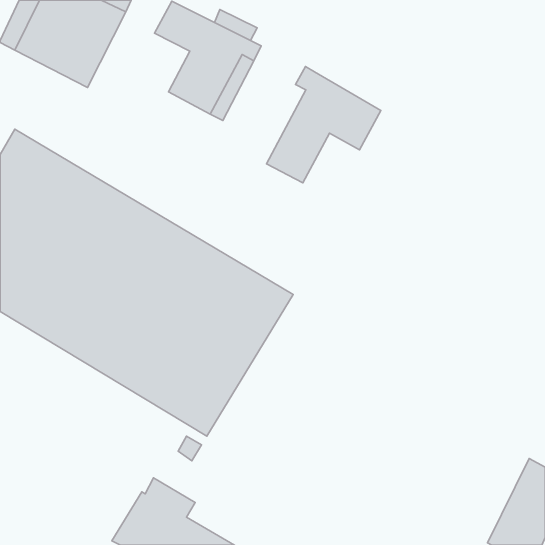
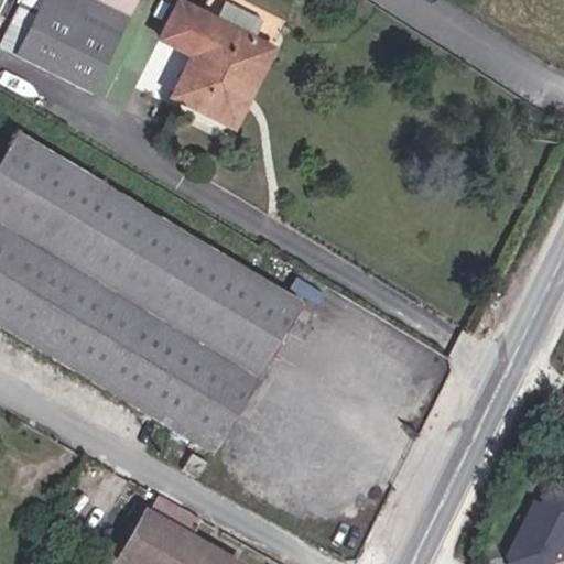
building: [267,67,381,183] -> none

